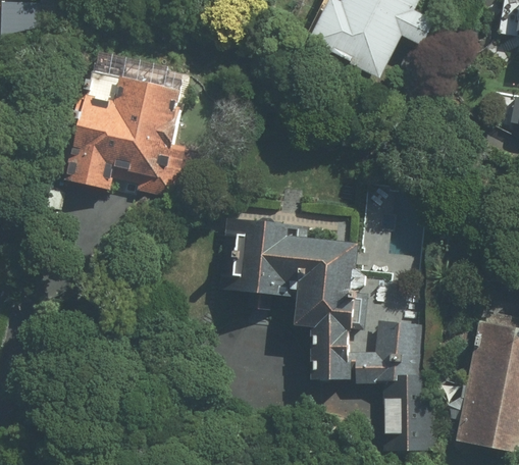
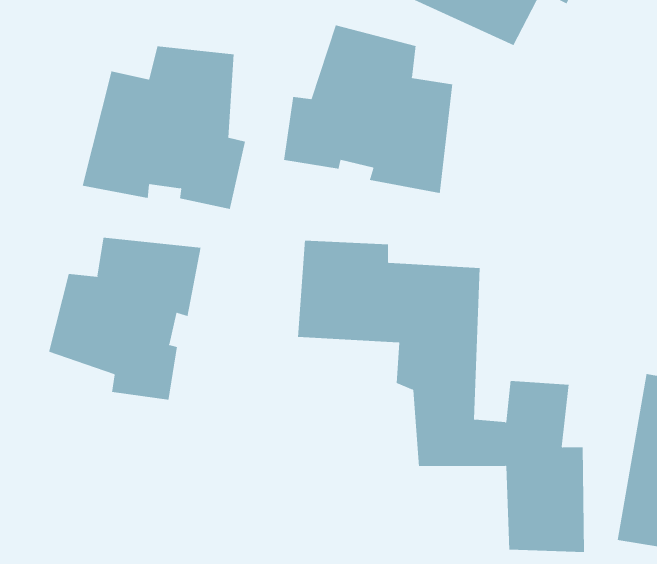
building: none -> [284,25,453,194]
building: none -> [49,237,201,401]

